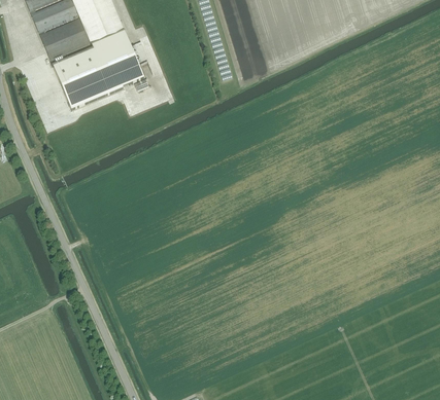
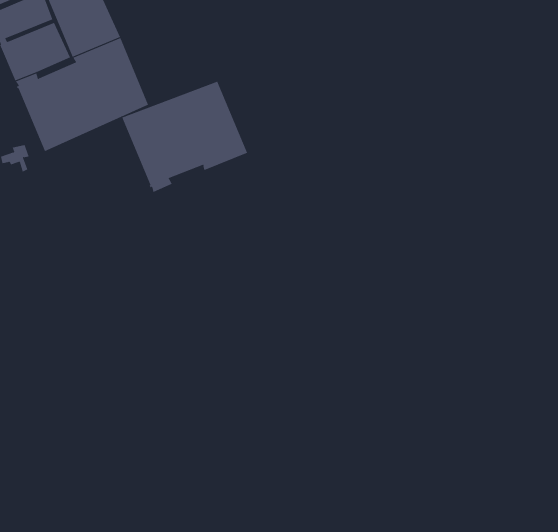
building: none -> [122,81,248,193]

